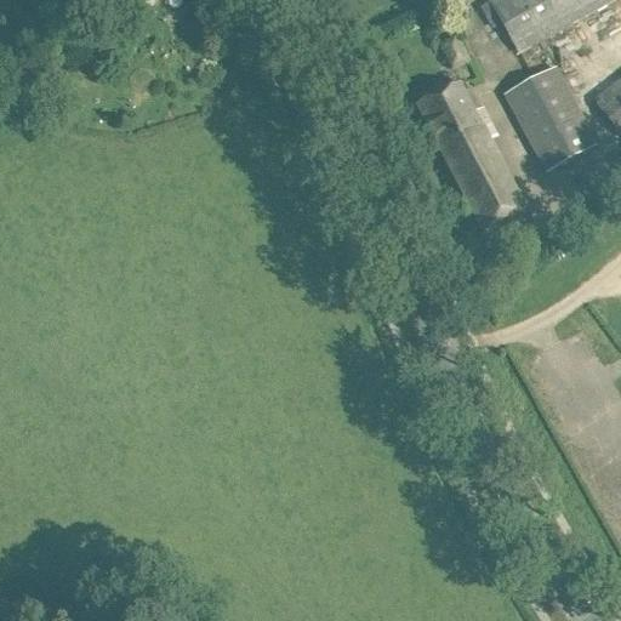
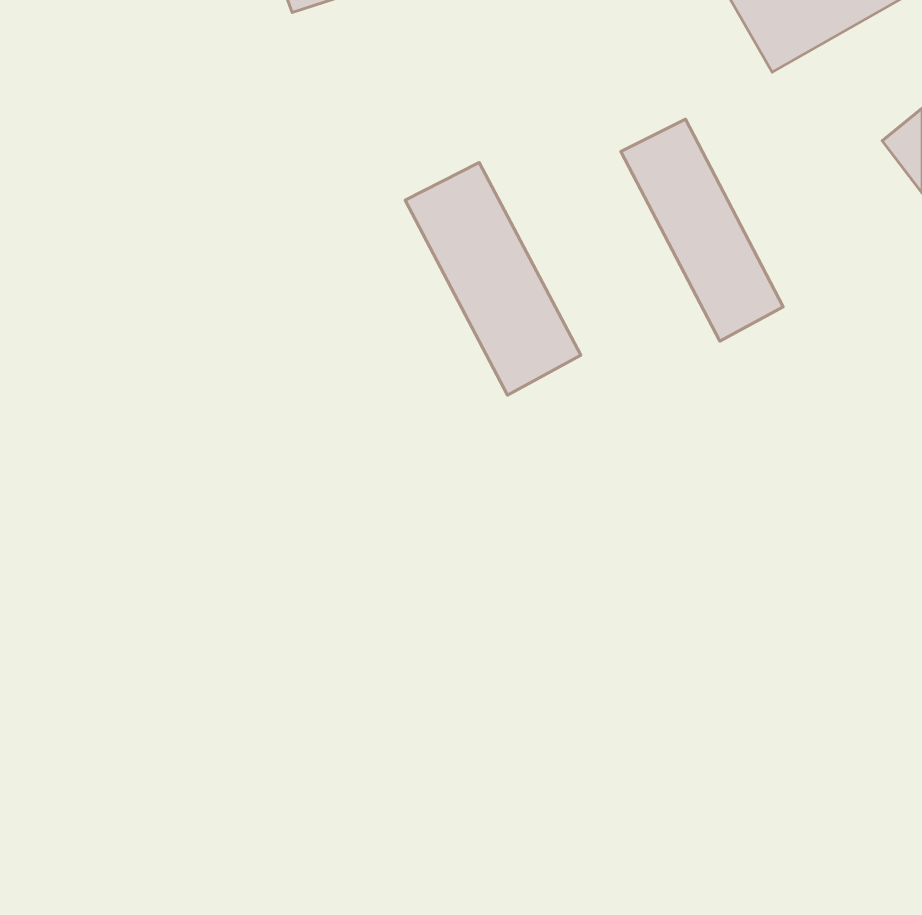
building: [503,63,599,171] -> none
building: none -> [405,163,581,395]

